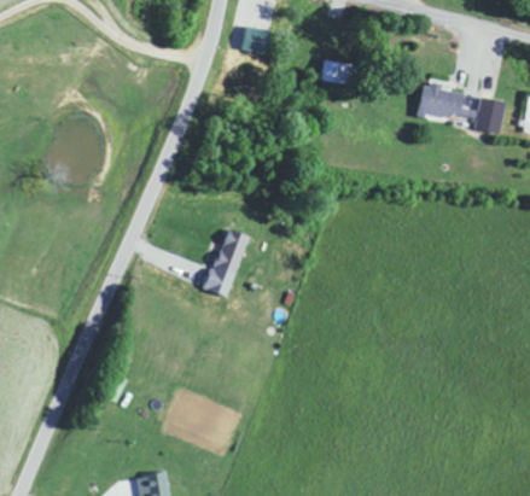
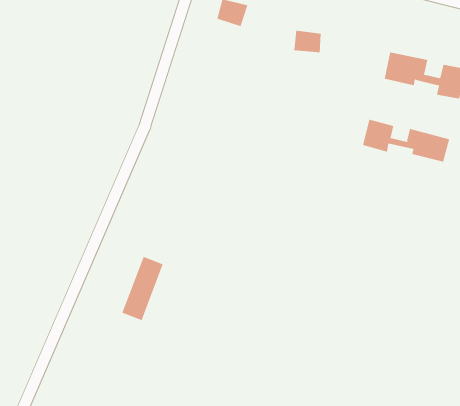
building: none -> [362,119,450,163]
building: [204,227,249,296] -> [122,256,164,321]

